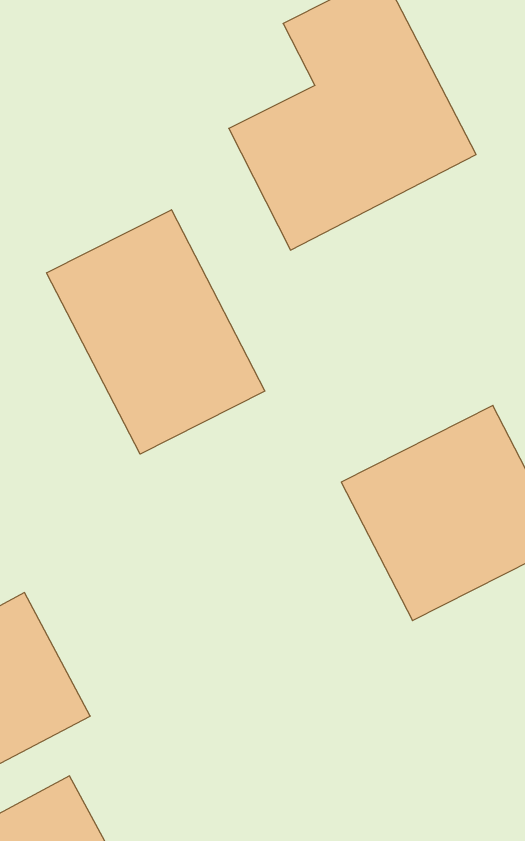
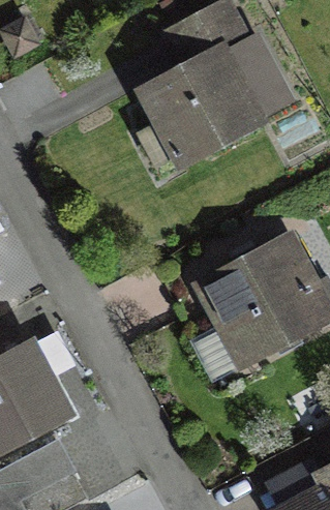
building: [47,210,265,454] -> none

